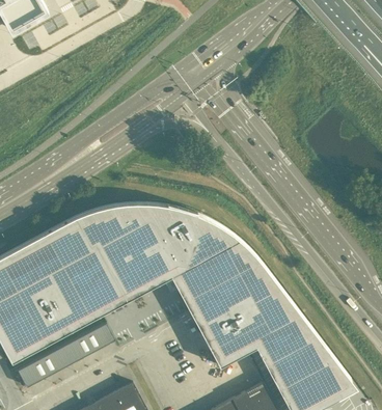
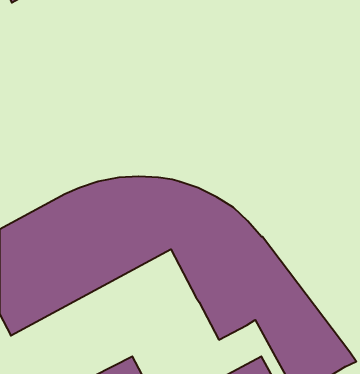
building: [16,324,115,388] -> none

